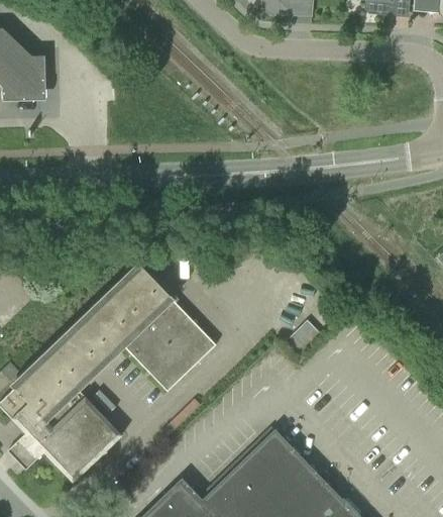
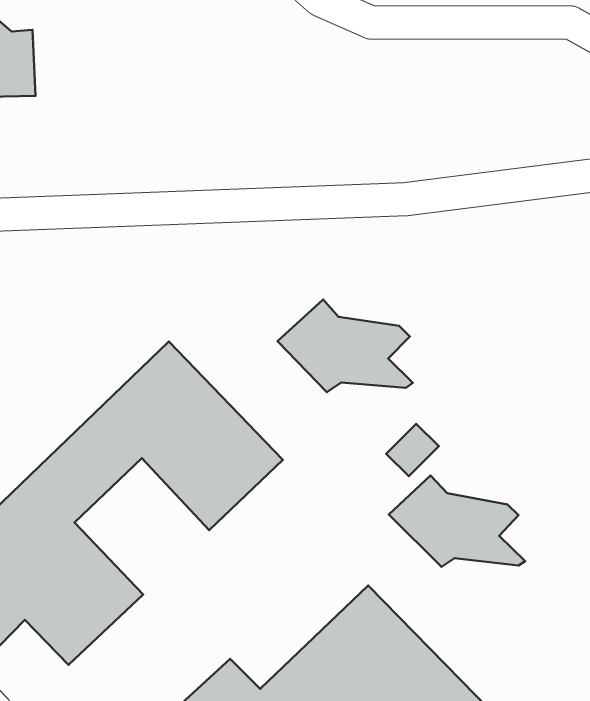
building: none -> [278,300,413,392]
building: none -> [389,475,525,567]

